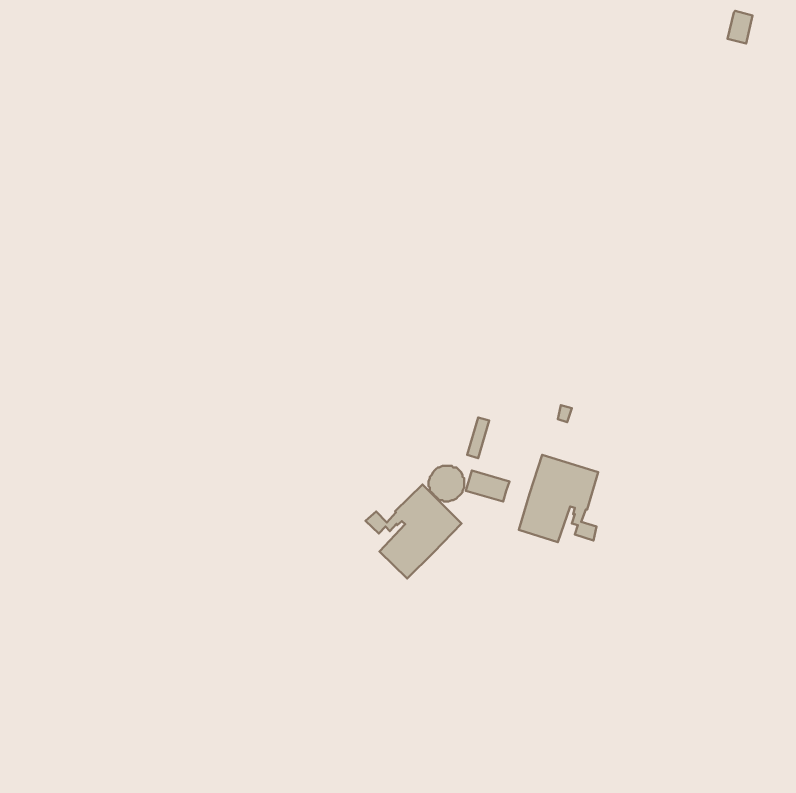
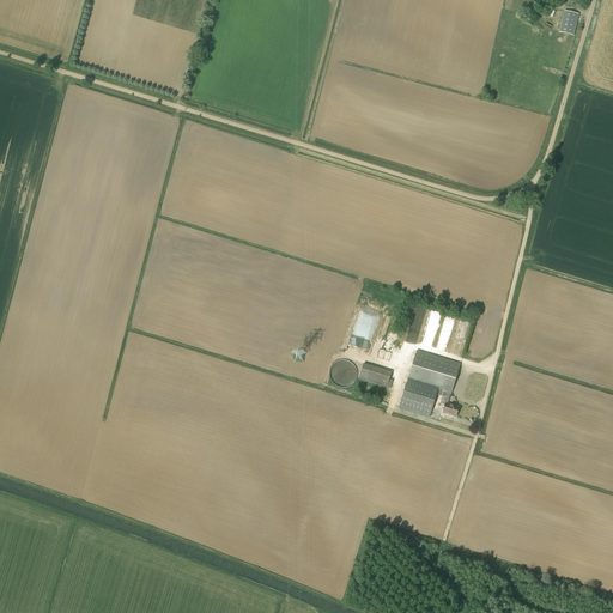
building: [366,484,462,578] -> none

